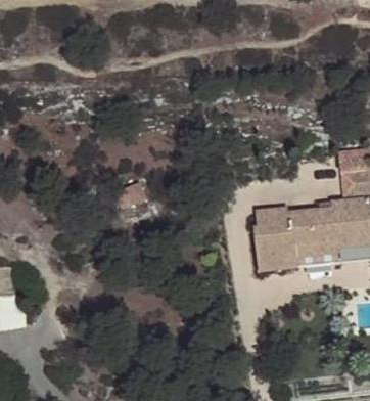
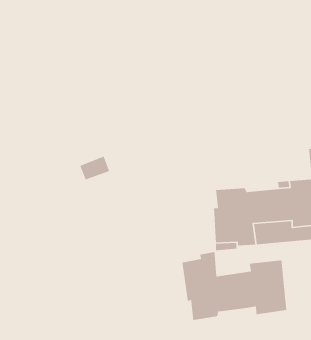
building: none -> [182,251,287,321]

